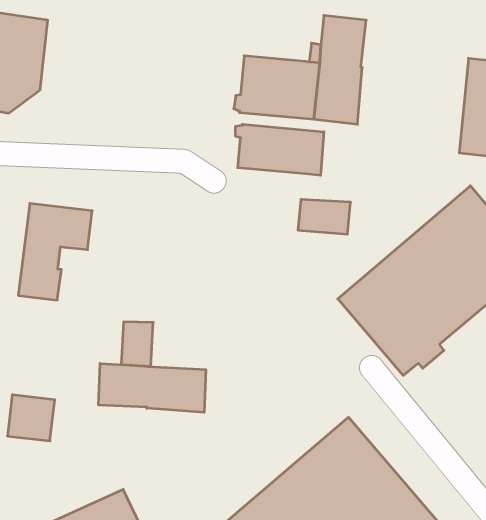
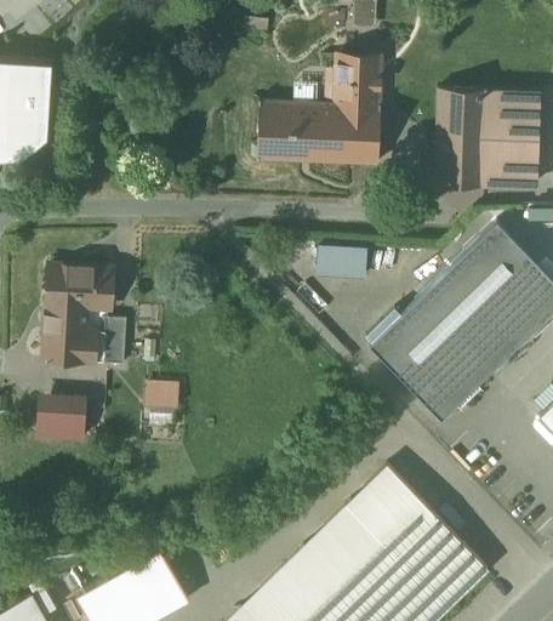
building: none -> [435,90,488,188]
building: [236,124,324,175] -> none
building: none -> [82,318,126,365]
building: [99,363,206,412] -> none
building: [7,395,55,441] -> [38,394,84,439]

